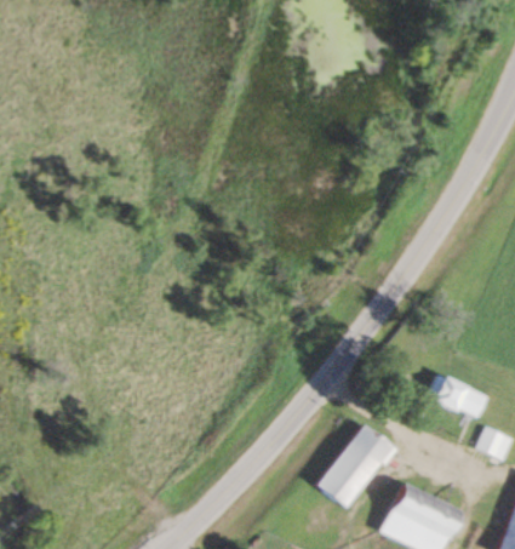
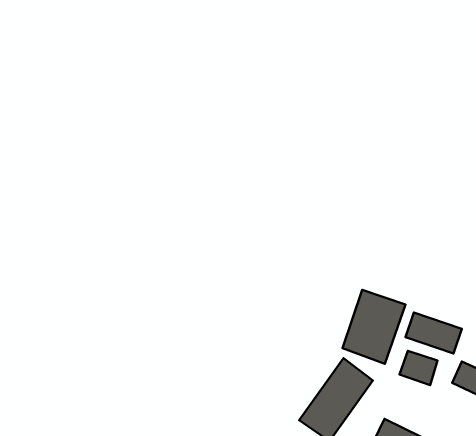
building: none -> [343,290,405,364]
building: none -> [399,351,438,385]

